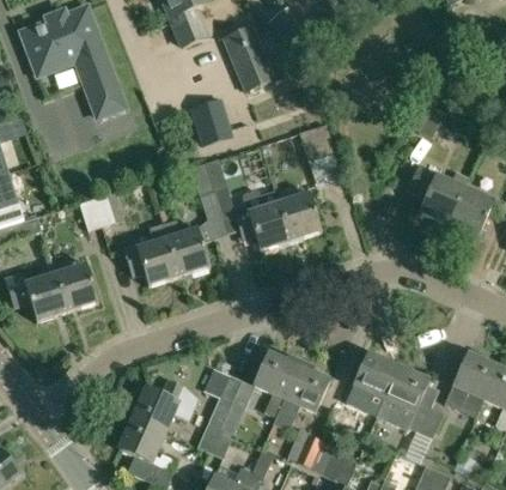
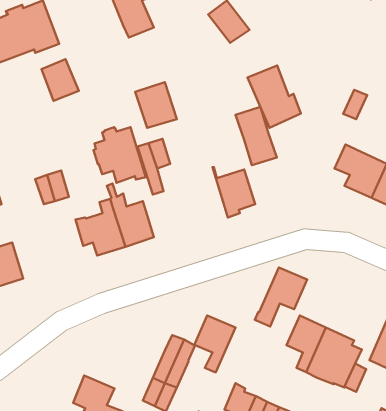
building: [221,24,280,92] -> [248,66,301,128]
building: [233,189,291,250] -> [93,127,146,183]
building: [54,262,97,311] -> none
building: [273,365,330,430] -> [255,268,307,326]
building: [133,379,199,432] -> none

